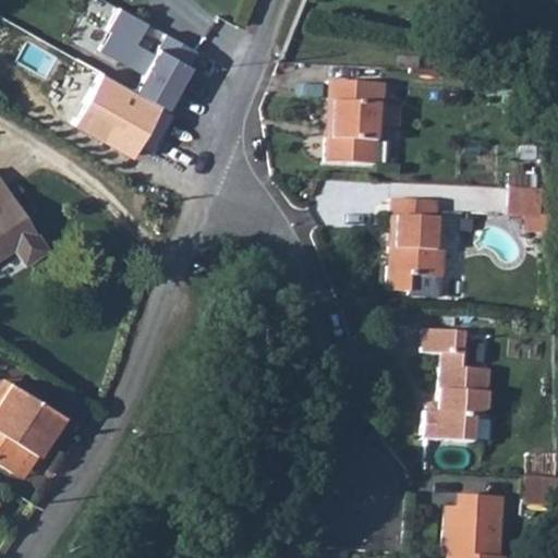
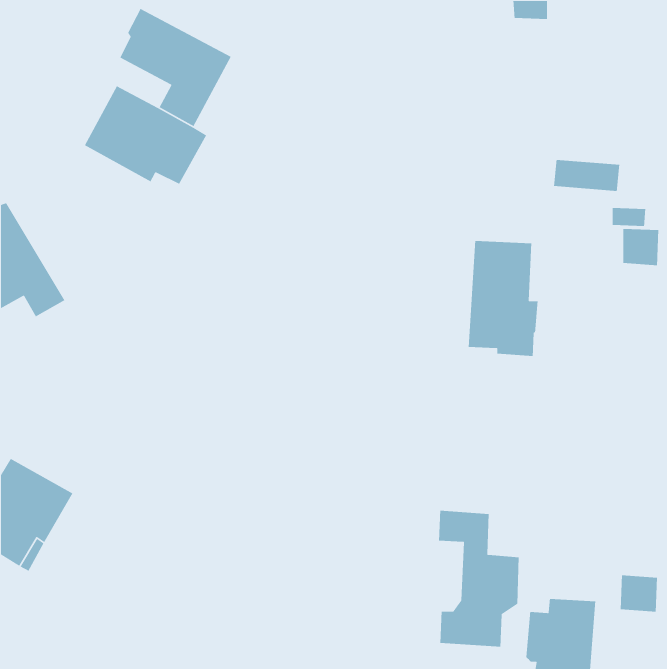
building: [330,83,386,165] -> none
building: [454,186,510,214] -> [553,159,620,192]
building: [417,327,485,441] -> [438,510,520,647]

